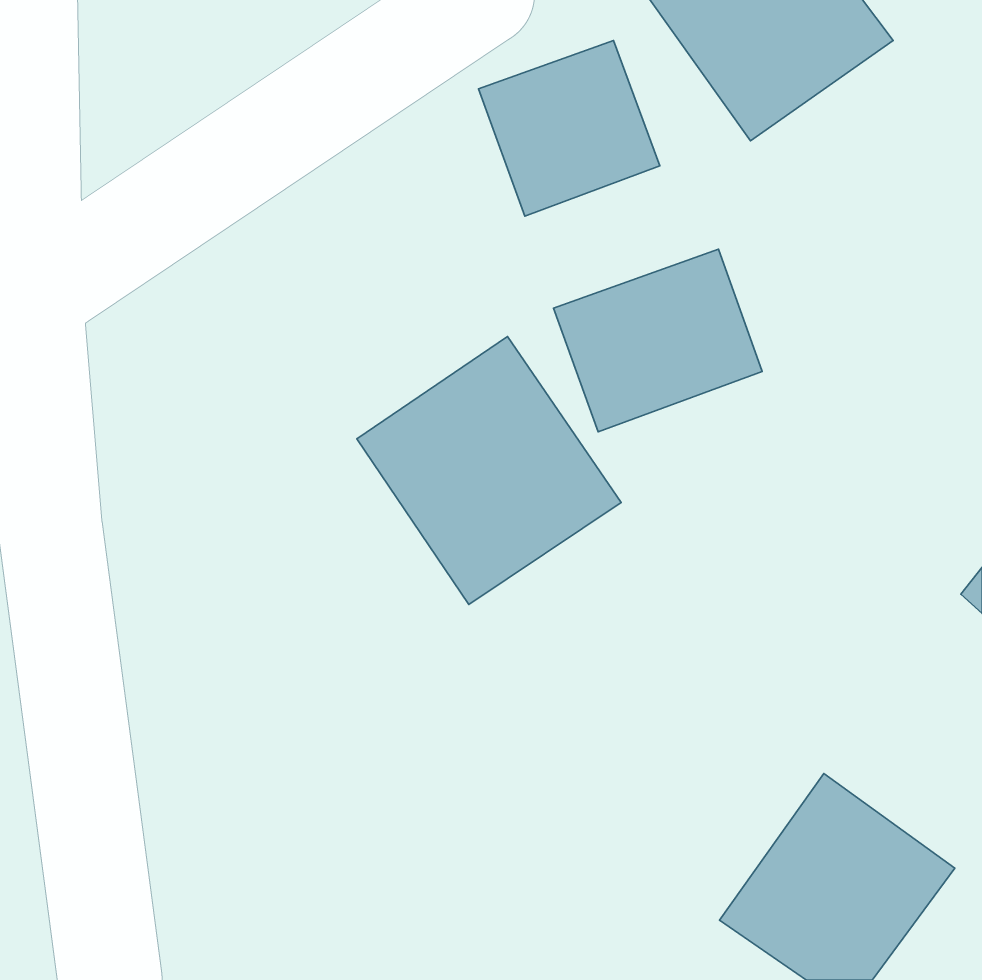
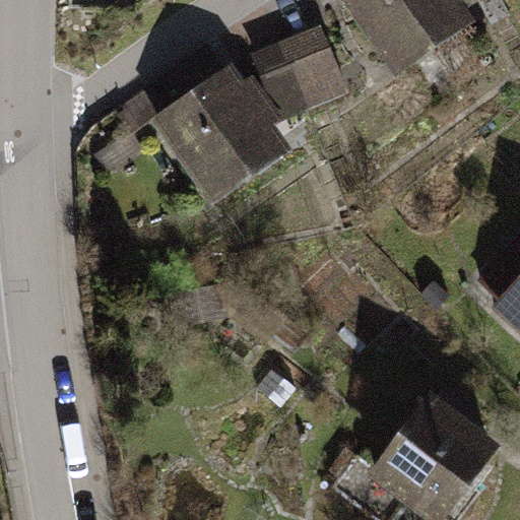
building: [553,249,762,432] -> none
building: [357,336,621,605] -> [146,65,285,206]

